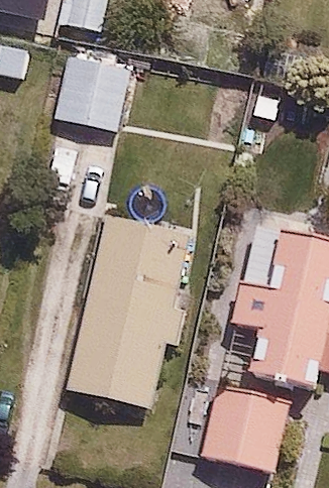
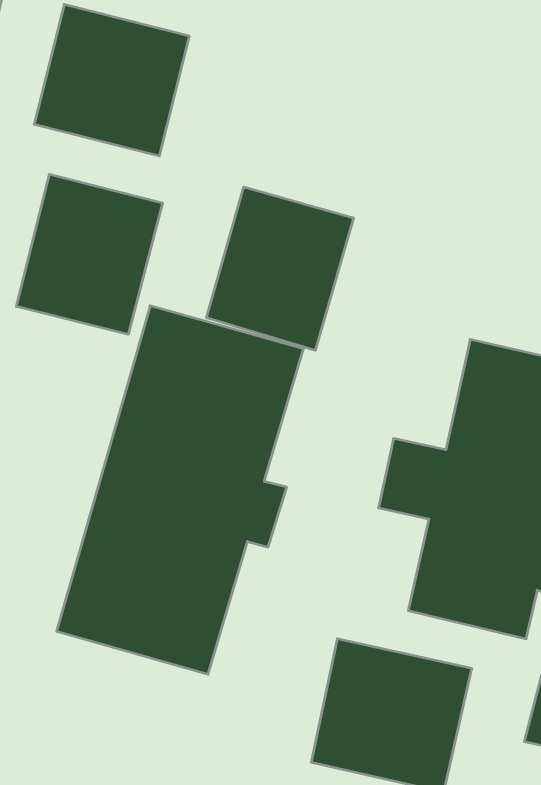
building: none -> [16,174,162,334]
building: none -> [207,187,353,350]

